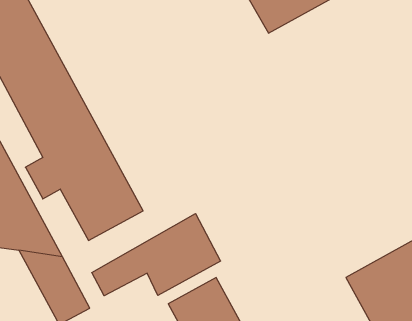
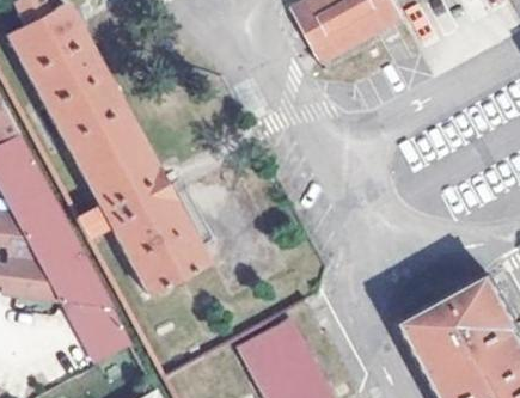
building: [92,214,221,296] -> none

